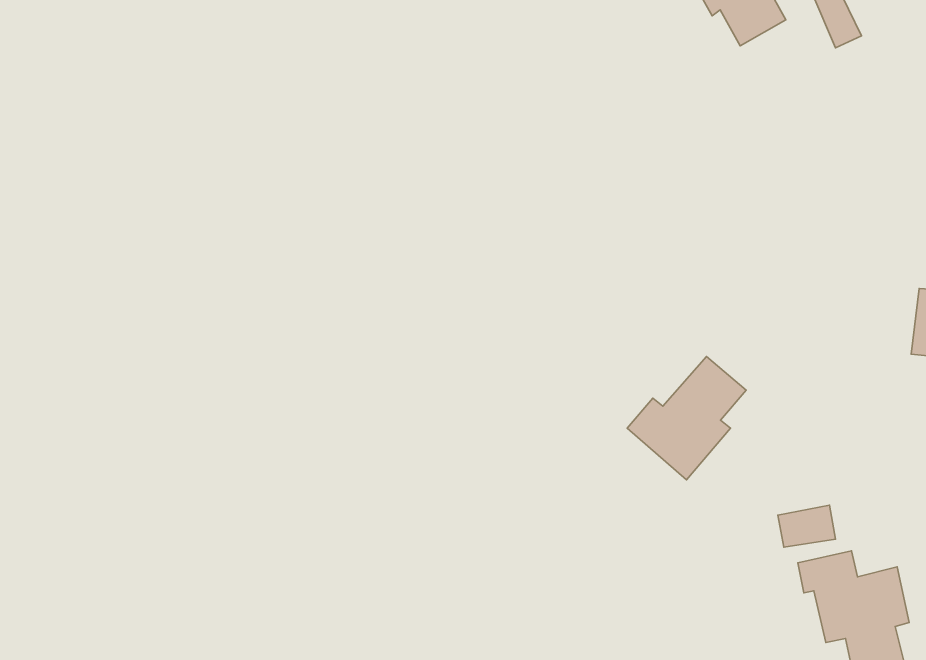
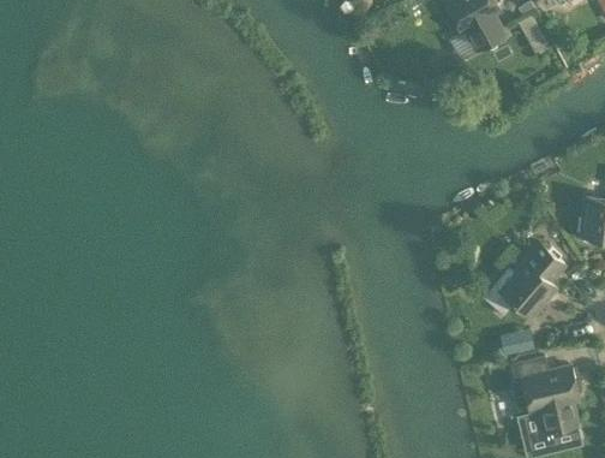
building: [627,356,746,480] -> [493,246,565,321]

